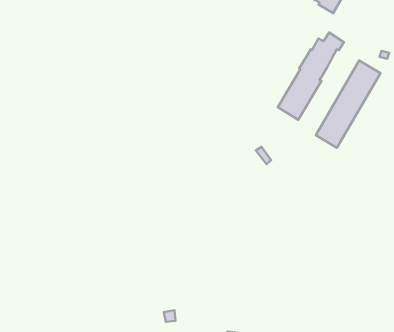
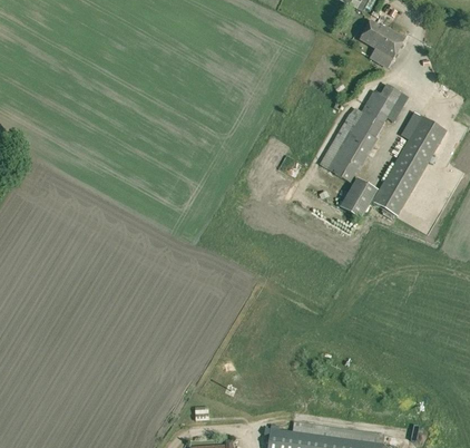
building: none -> [339,177,378,220]

